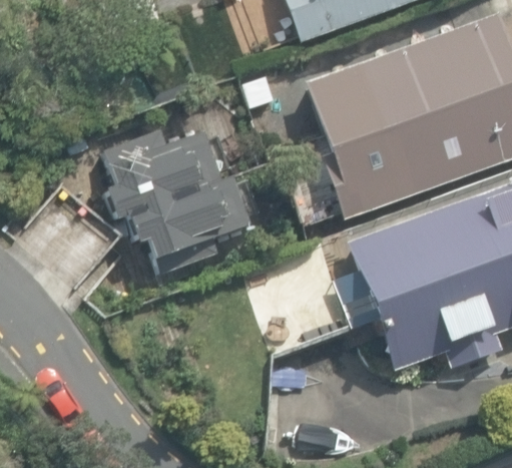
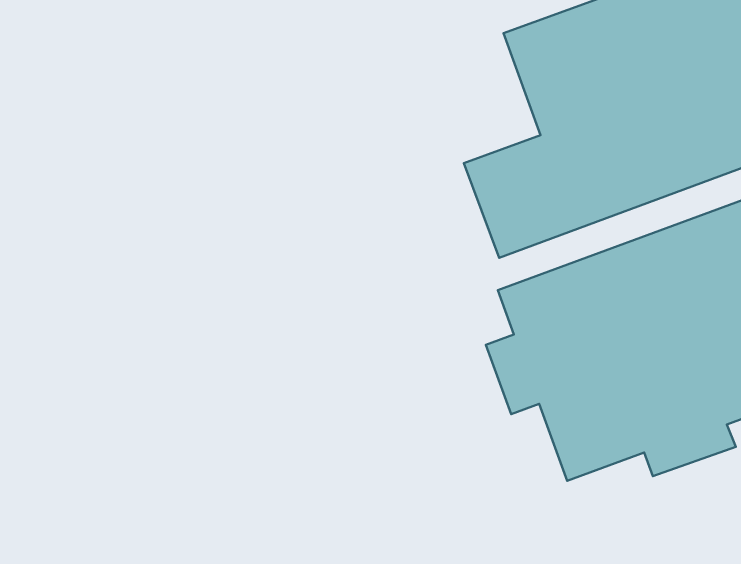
building: [104,128,251,275] -> none

